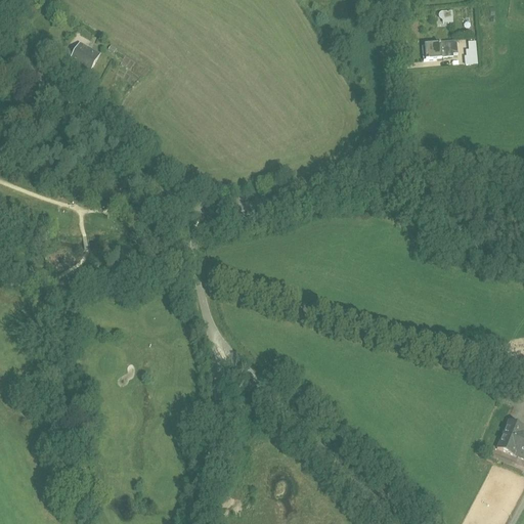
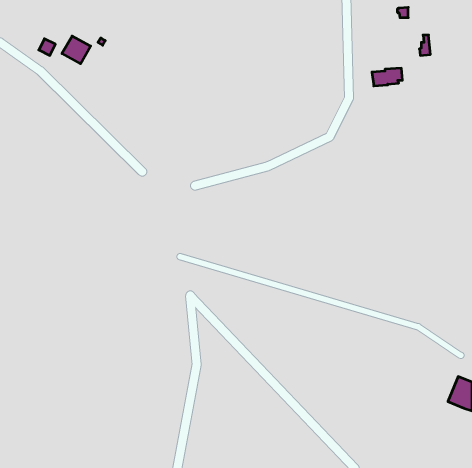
building: [424,38,457,57] -> [372,68,402,86]

